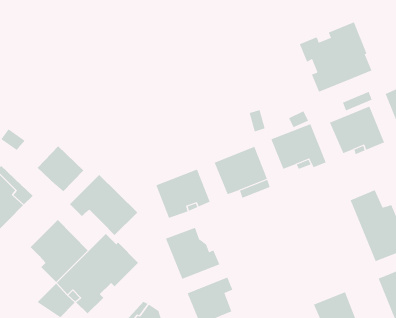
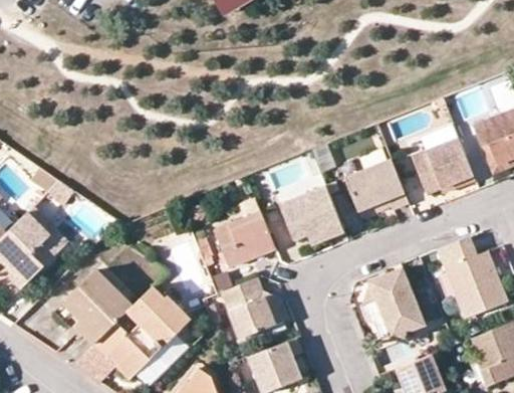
building: [299,21,372,92] -> none
building: [37,145,84,192] -> none
building: [69,174,138,236] -> none
building: none -> [354,266,422,337]

